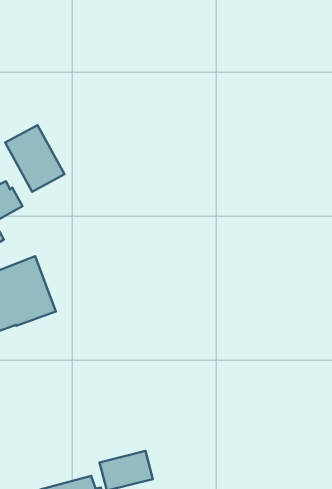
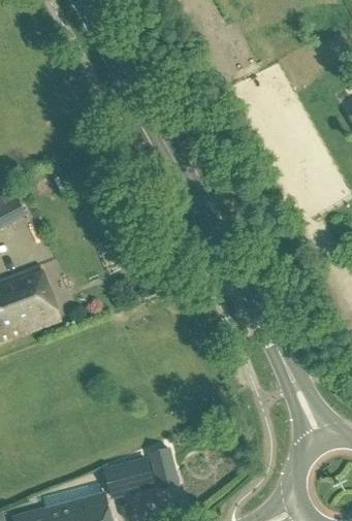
building: [5,125,64,192] -> none
building: none -> [146,448,178,491]

